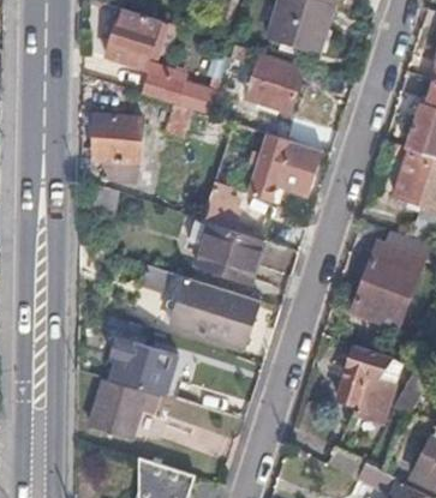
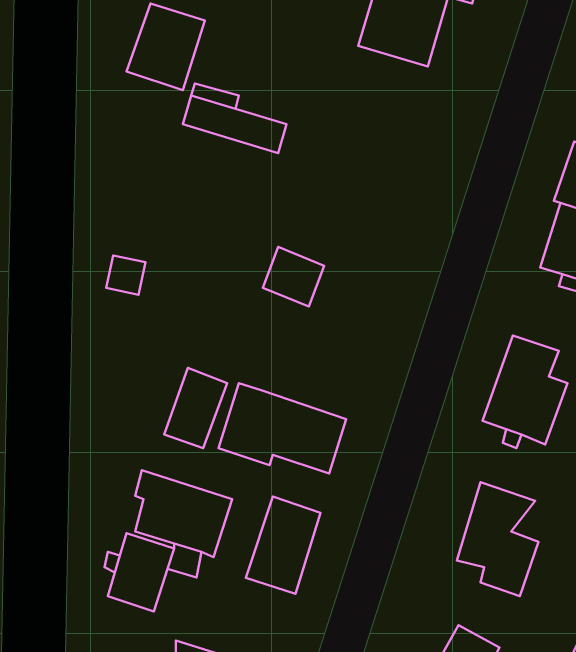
building: [246,56,303,113] -> none
building: [95,114,141,184] -> none
building: [247,136,323,206] -> none
building: [196,223,263,284] -> none
building: none -> [246,496,320,594]

